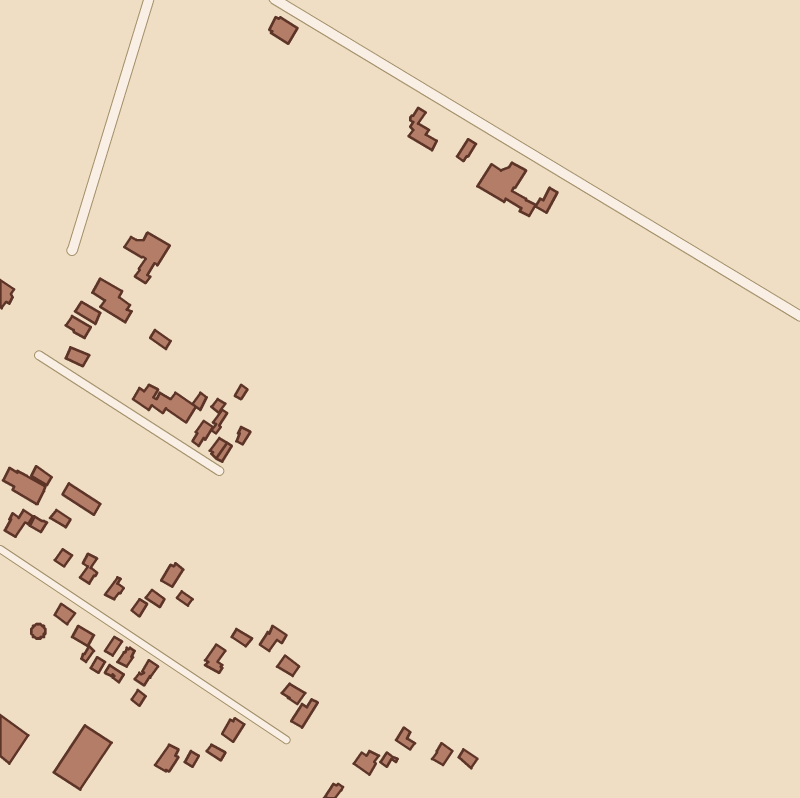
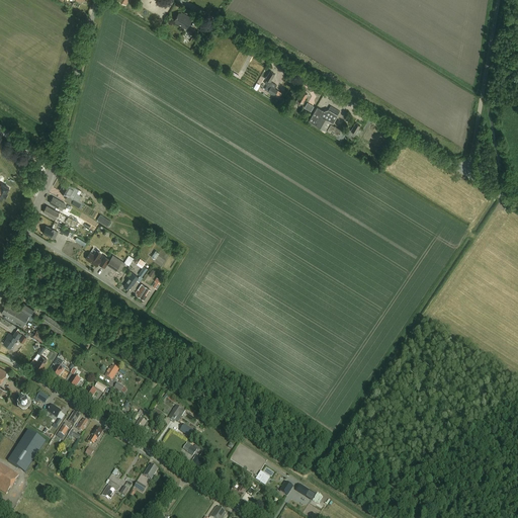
building: [124,233,170,283] -> none
building: [54,725,112,790] -> [8,430,46,471]

